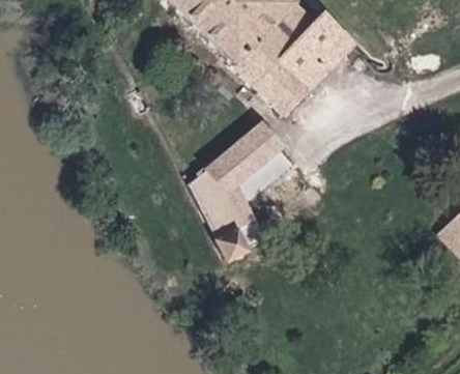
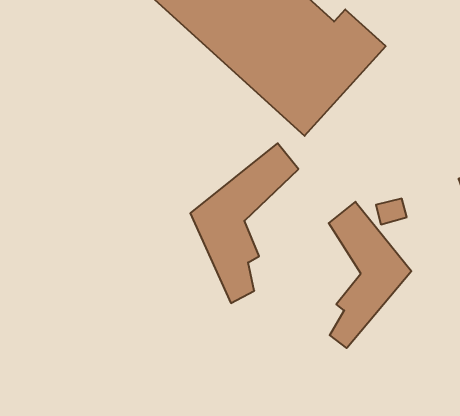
building: none -> [329,202,411,348]

